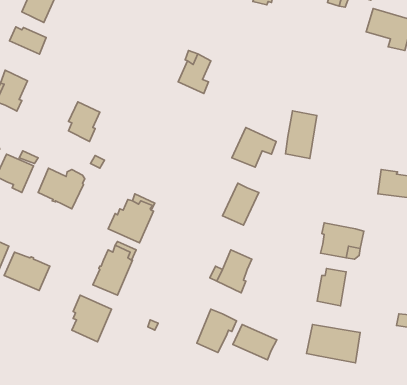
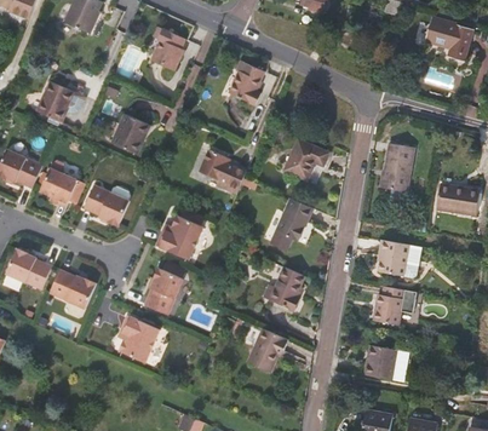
building: none -> [151,28,184,70]
building: [10,27,46,54] -> none
building: [285,111,317,159] -> [380,142,413,191]
building: none -> [200,148,245,192]
building: [233,324,277,360] -> none

